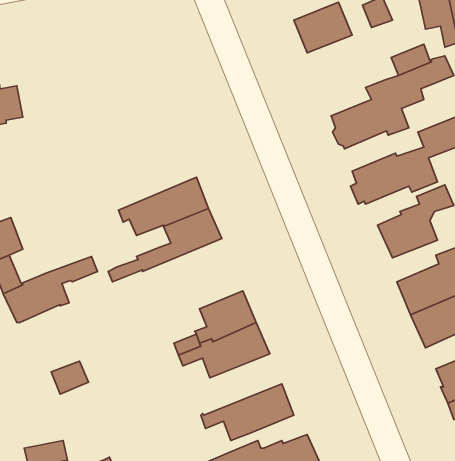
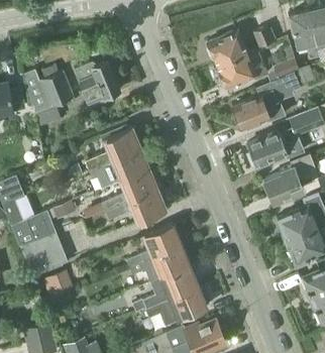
building: none -> [216,48,266,87]
building: none -> [76,62,121,105]
building: none -> [23,70,74,126]
building: none -> [85,124,141,170]
building: none -> [105,190,167,223]
building: none -> [22,234,62,274]
building: none -> [132,267,199,313]

